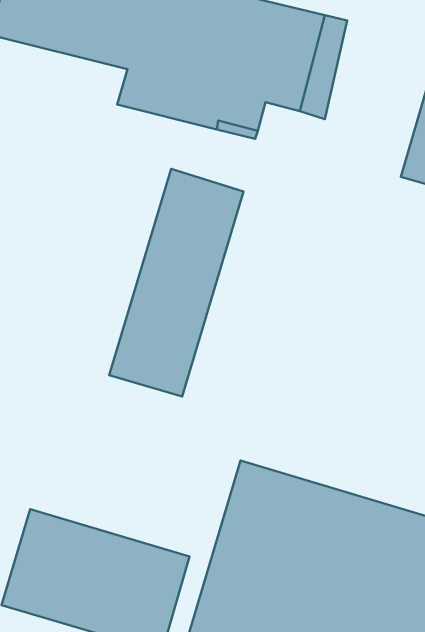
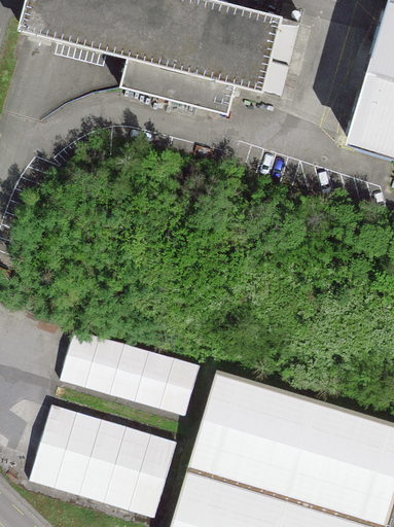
building: [109,169,243,396] -> none
building: none -> [63,329,201,416]

